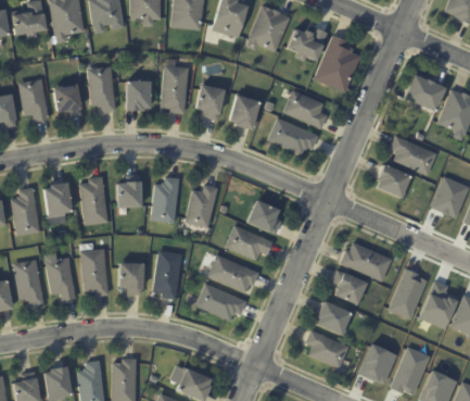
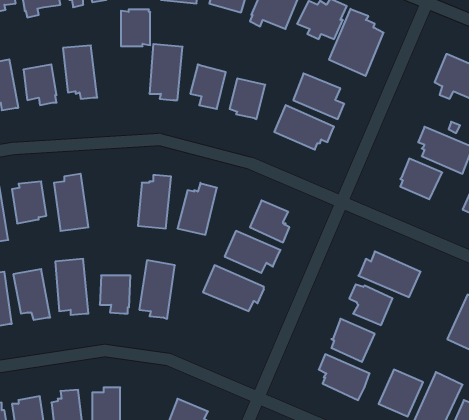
building: [127,78,152,110] -> [121,9,150,46]
building: [117,175,143,208] -> none
building: [386,267,425,318] -> none
building: [196,284,247,322] -> none

